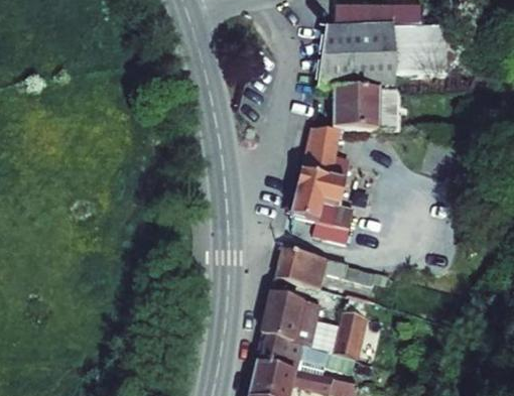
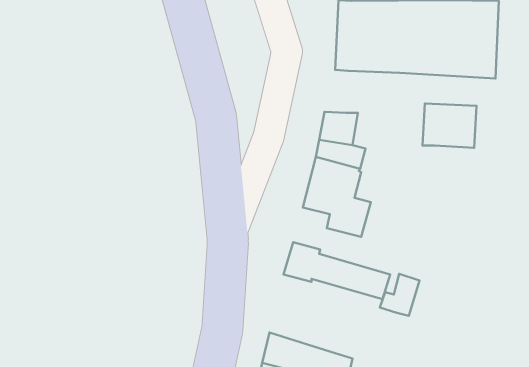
building: [333,86,383,127] -> [423,104,476,148]
building: [261,290,314,344] -> none
building: [323,318,360,358] -> [380,274,420,316]

